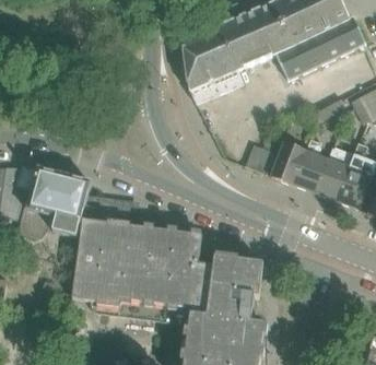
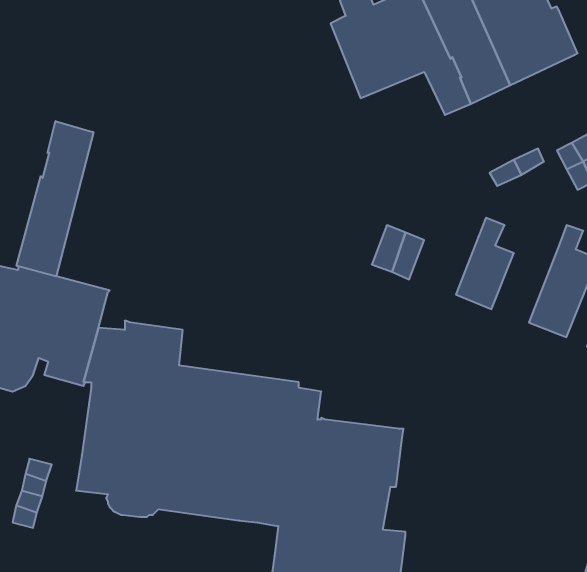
building: [183,25,243,103] -> none
building: none -> [17,121,93,276]
building: [270,141,306,185] -> none
building: [314,146,353,200] -> none

